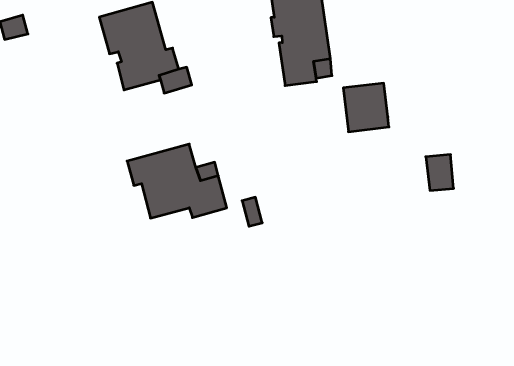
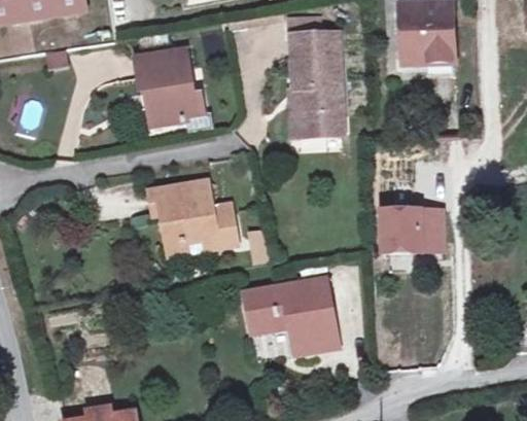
building: [343,83,389,132] -> [383,211,421,252]
building: none -> [244,277,340,353]

